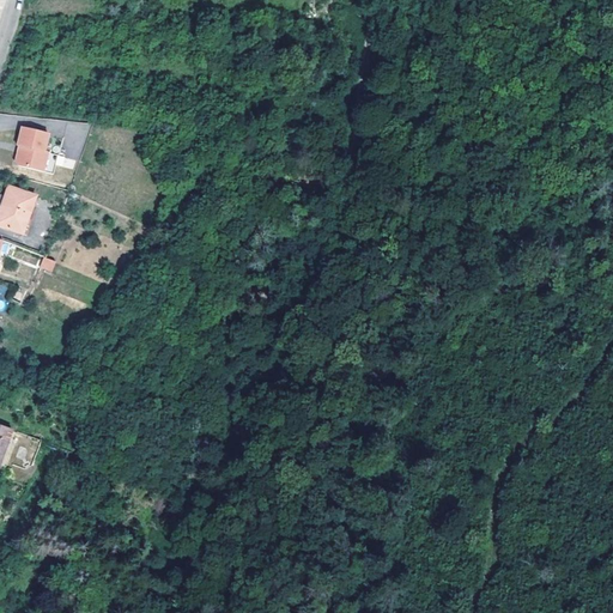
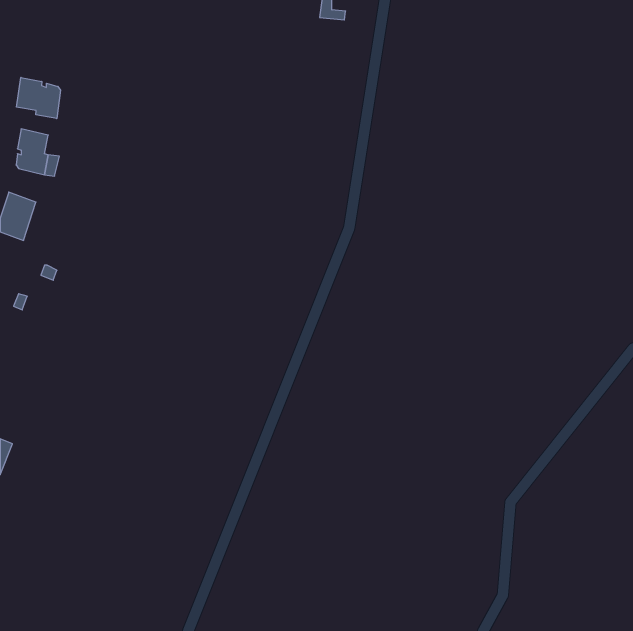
building: none -> [17,77,61,119]

